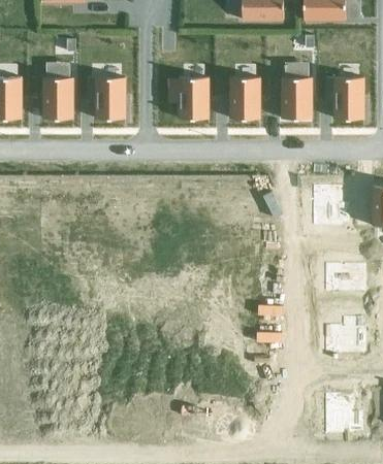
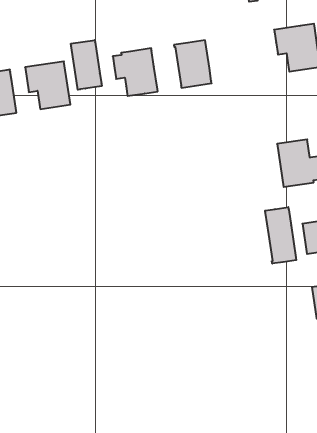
building: none -> [71,40,102,90]
building: [282,77,311,119] -> none
building: none -> [265,207,296,264]

